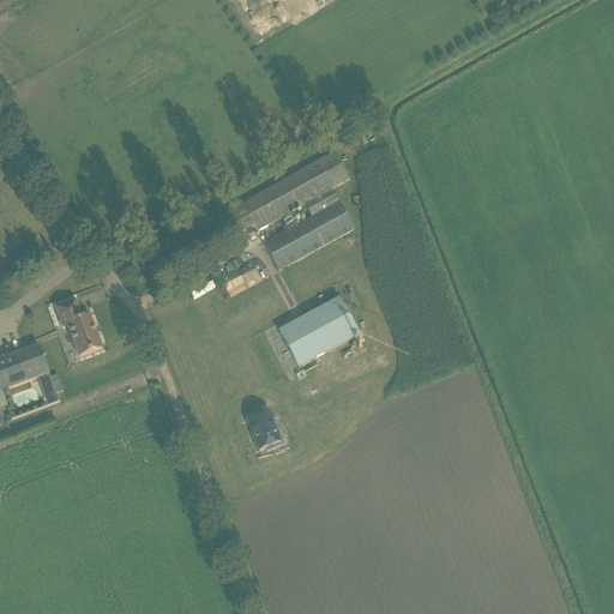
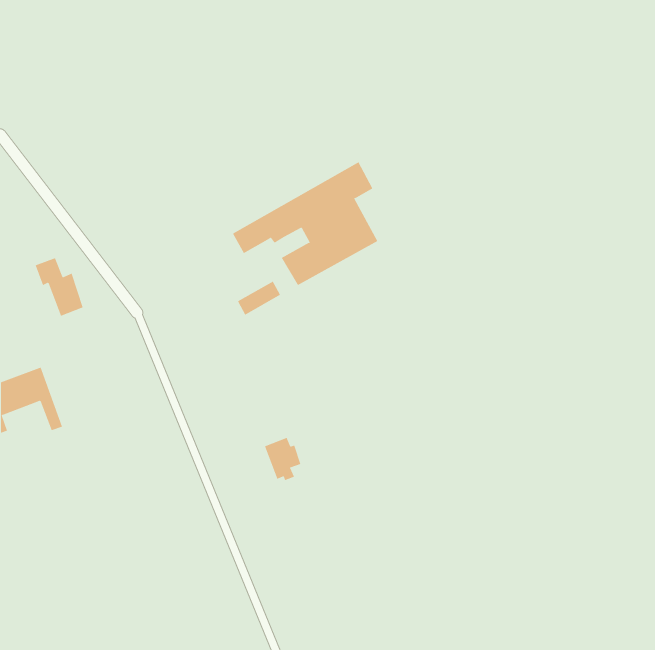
building: [279,296,359,365] -> none
building: [55,299,101,354] -> [35,258,84,317]

